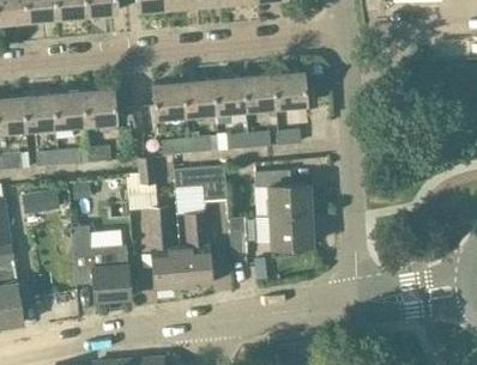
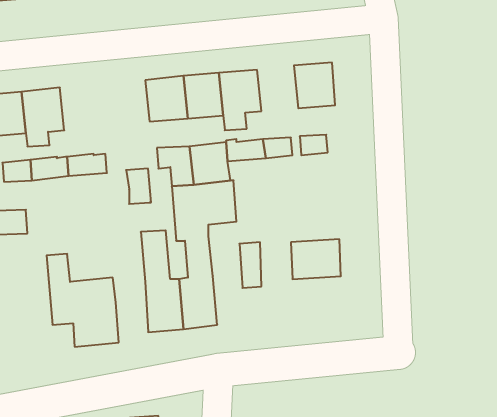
building: [242,74,276,111] -> none
building: [81,90,115,136] -> none
building: [252,171,309,218] -> none

